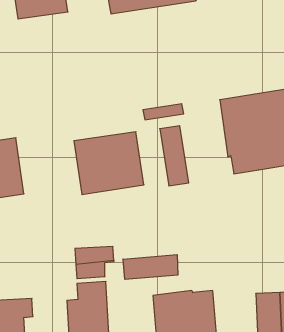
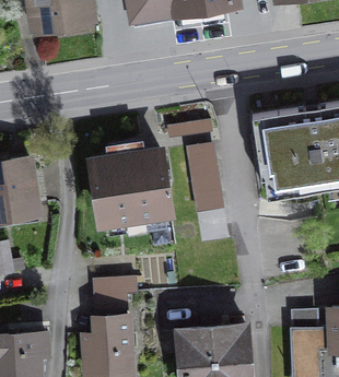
building: [123,255,178,279] -> none

